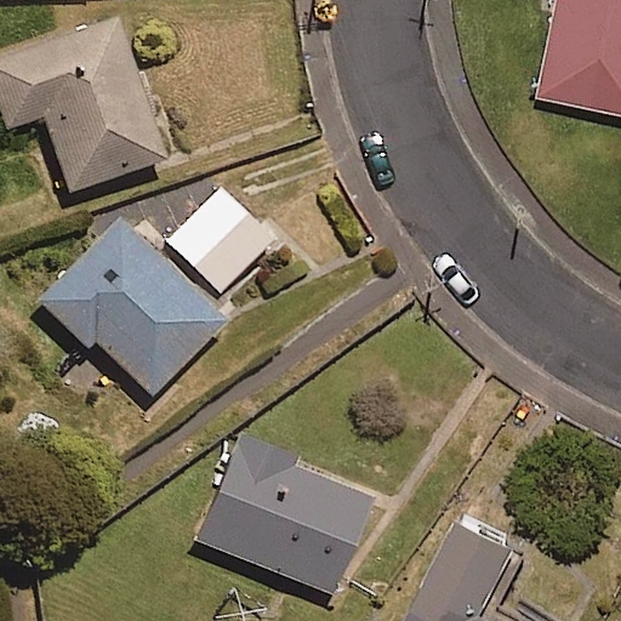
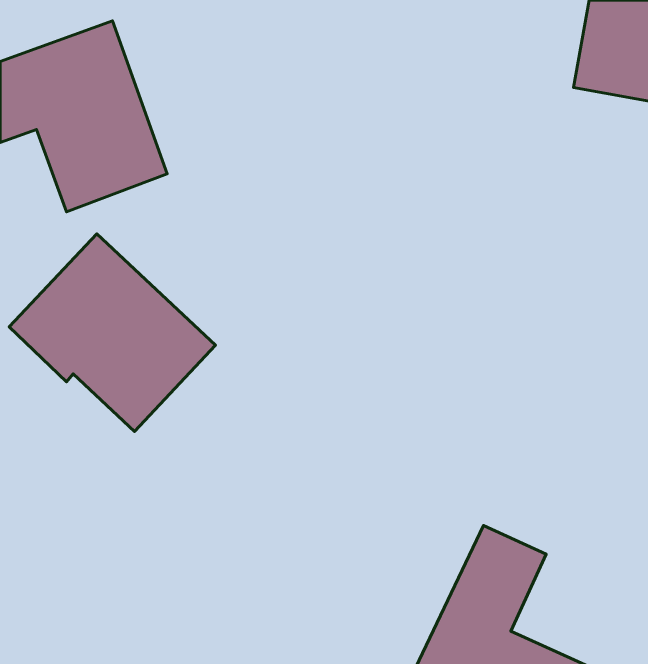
building: [177,180,284,287] -> none
building: [188,438,366,596] -> none

